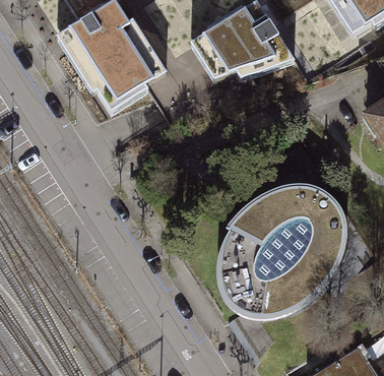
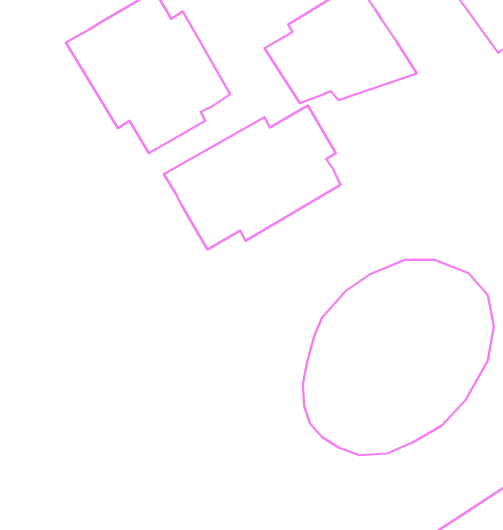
building: none -> [164,106,341,250]

